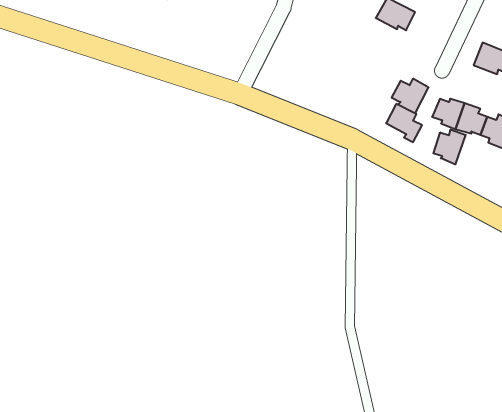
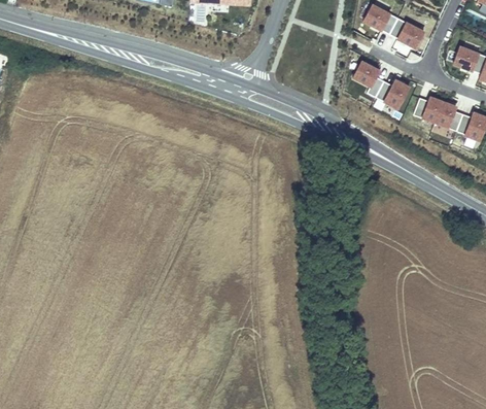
building: none -> [389,19,425,53]
building: [386,104,422,142] -> [351,62,384,97]
building: [433,130,466,164] -> none

